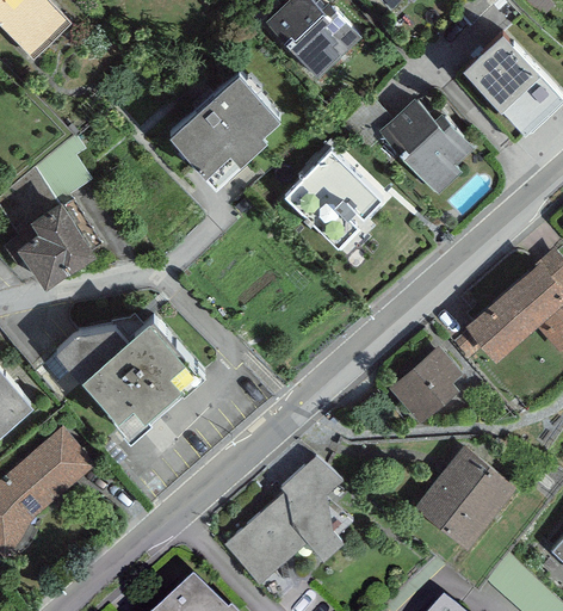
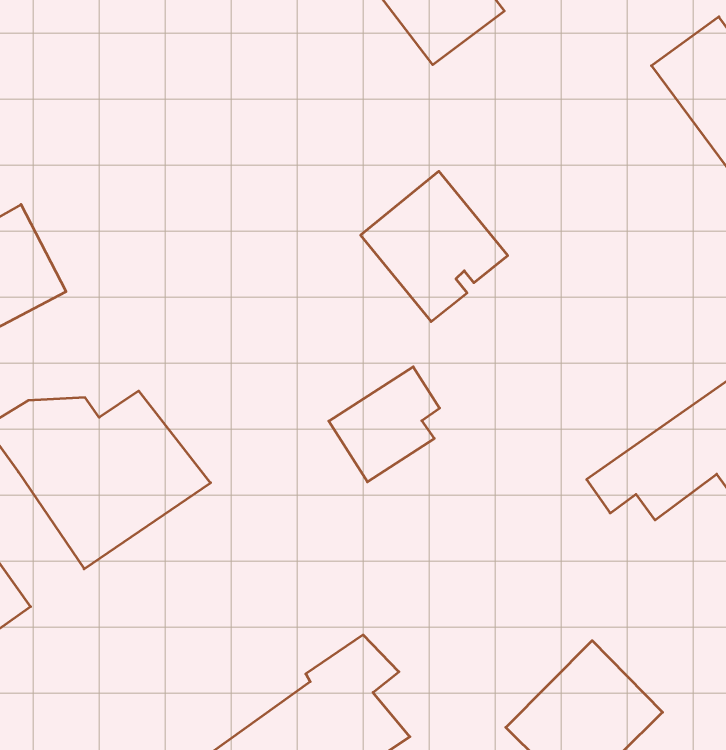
building: [168,69,279,183] -> none
building: [377,100,474,197] -> none
building: [388,346,459,425] -> [329,367,440,482]

